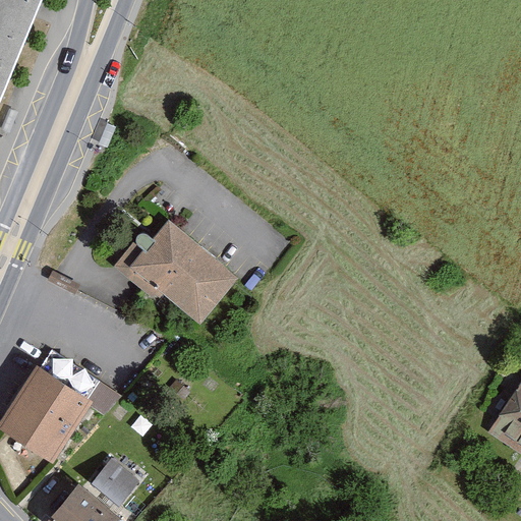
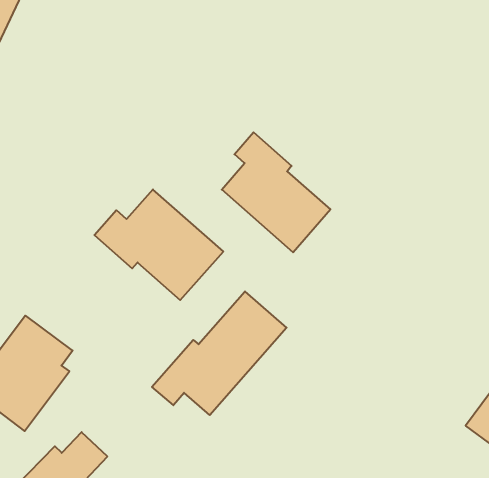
building: none -> [222,132,330,252]
building: none -> [152,291,287,415]

